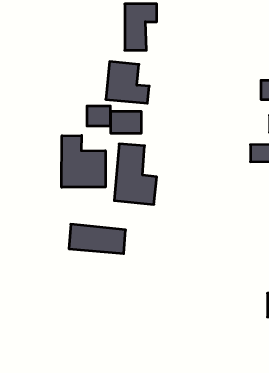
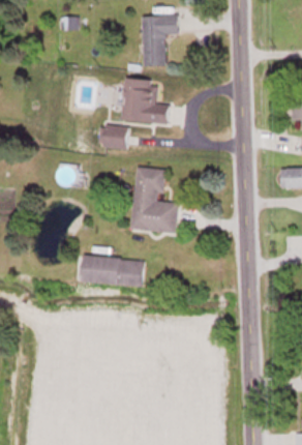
building: [111,111,141,133] -> none
building: [62,135,105,187] -> none

